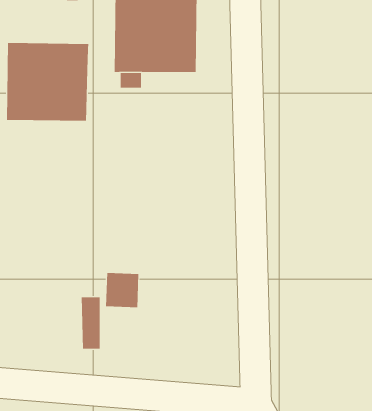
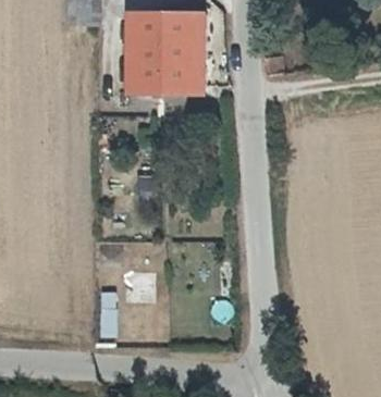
building: [6,42,89,122] -> none

